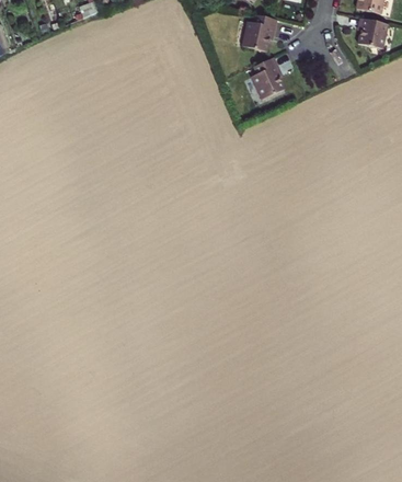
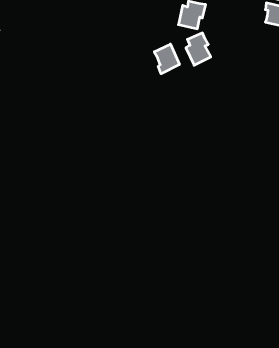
building: none -> [154,44,179,74]

